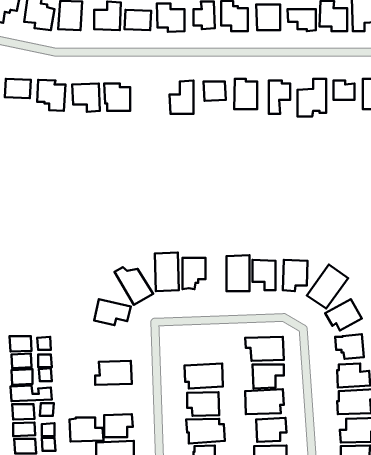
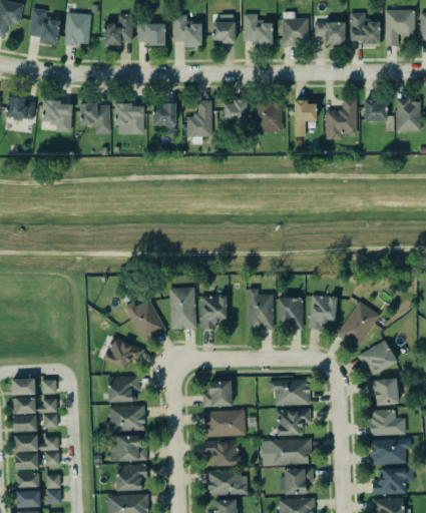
building: none -> [153,103,175,133]
building: none -> [106,374,138,401]
building: none -> [203,381,233,407]
building: [69,418,103,441] -> [109,434,146,460]

